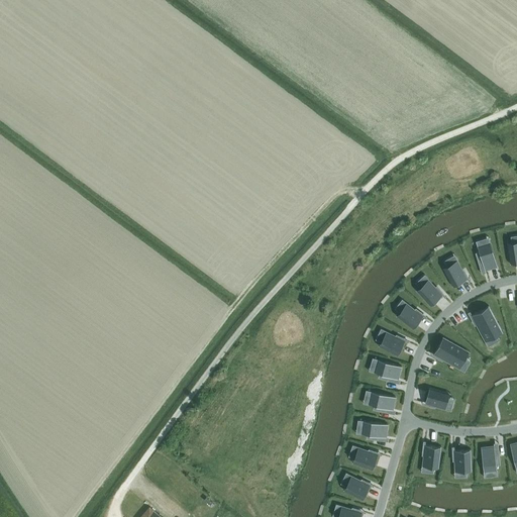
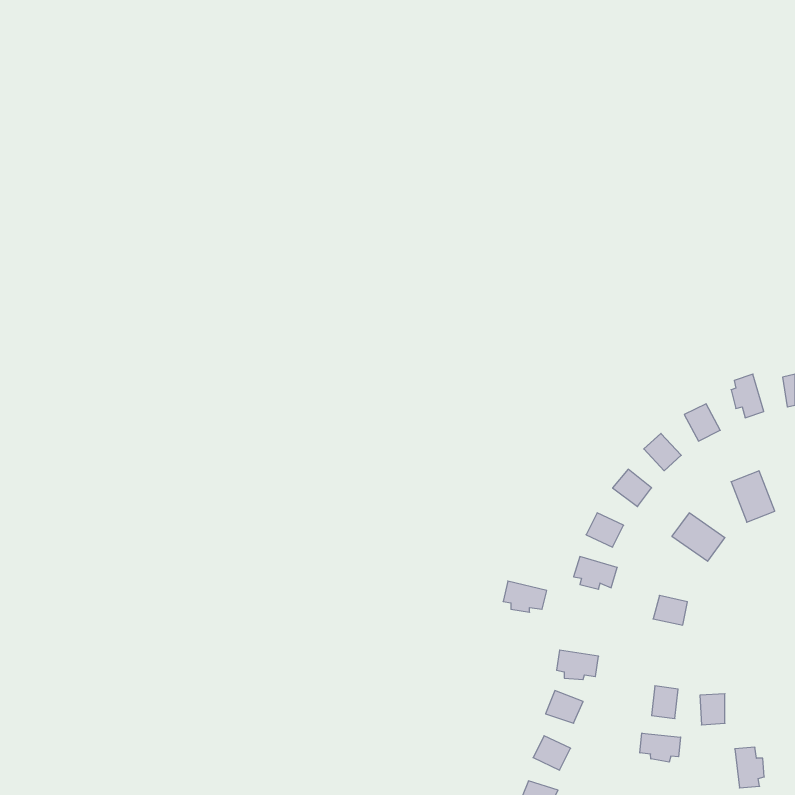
building: [367,392,395,412] -> [503,581,547,612]
building: [482,446,501,473] -> [735,747,764,788]
building: none -> [640,733,681,762]

